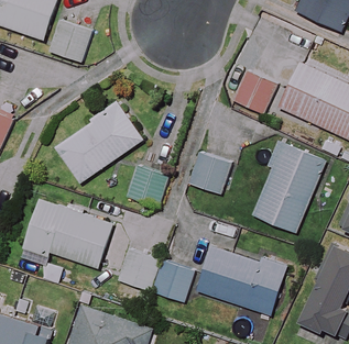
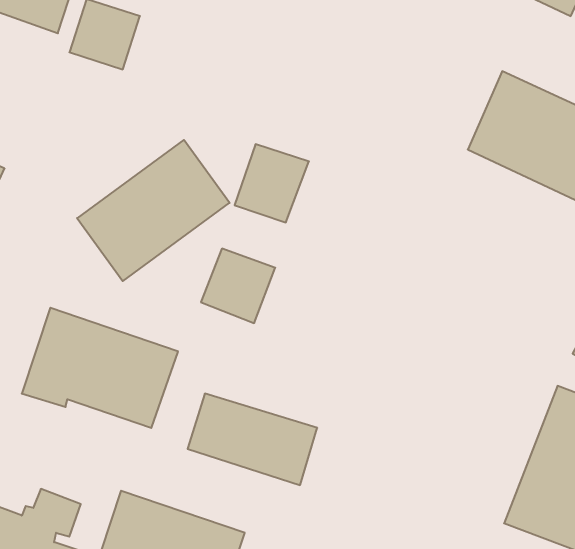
building: [232,69,277,114] -> none
building: [252,140,328,233] -> none
building: [189,148,232,193] -> [235,144,309,222]
building: [194,243,286,313] -> none

